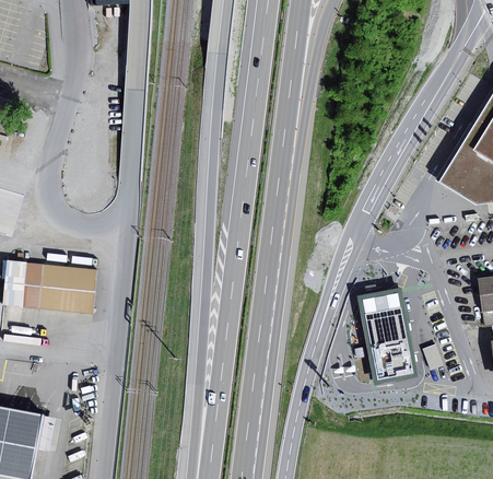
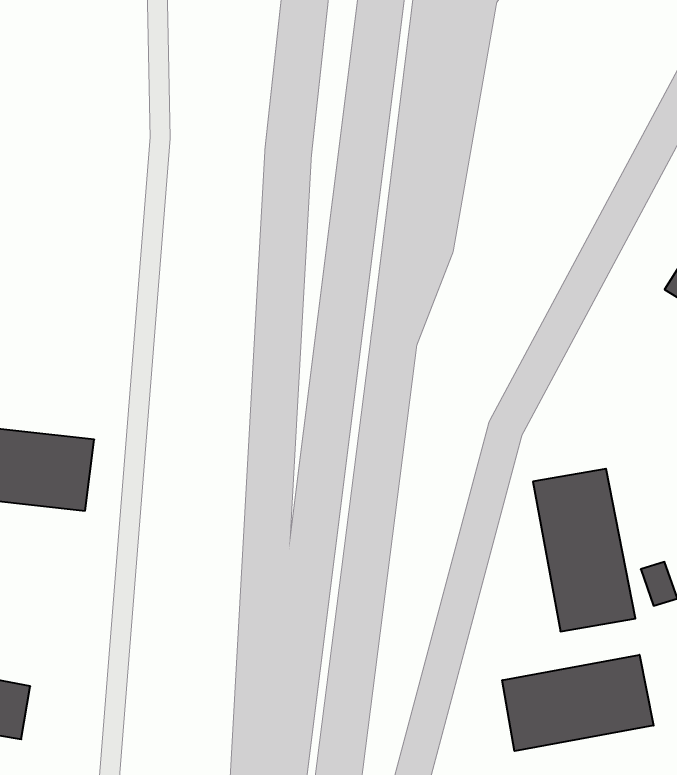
building: none -> [502,655,654,751]

